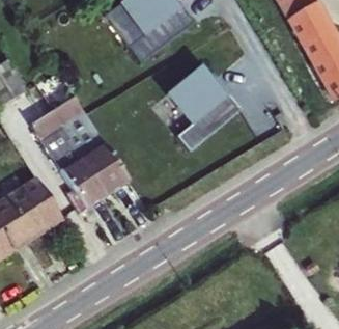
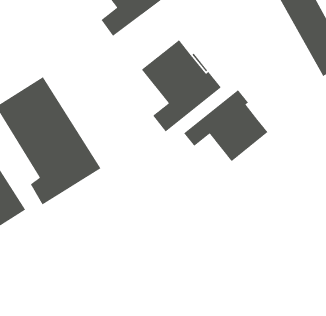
building: none -> [183,89,269,162]

